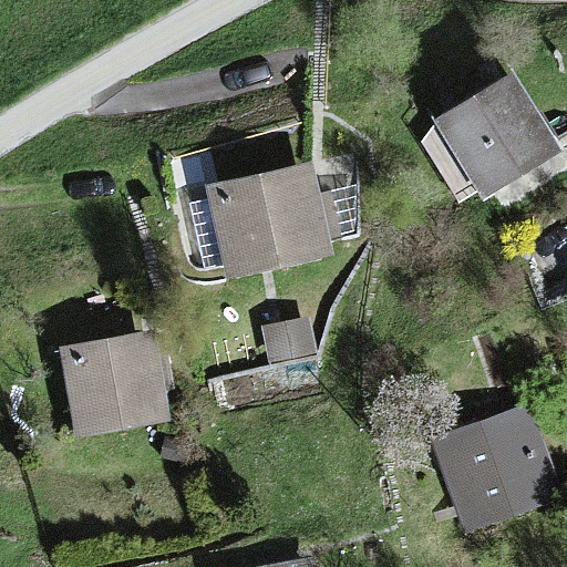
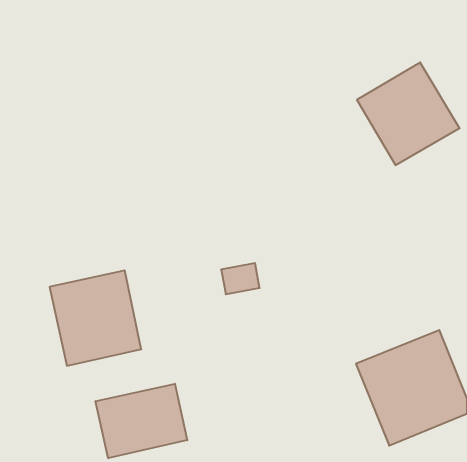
building: [205,155,329,279] -> none
building: none -> [96,384,187,458]

